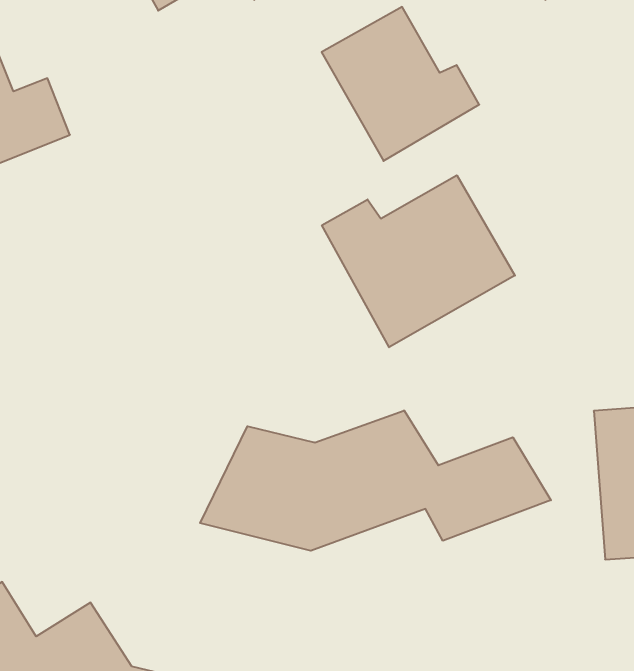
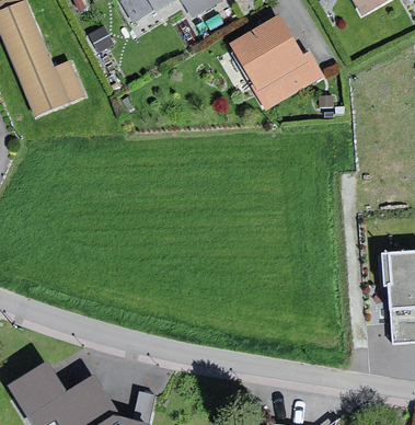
building: [322,175,515,347] -> none
building: [200,410,551,551] -> none

